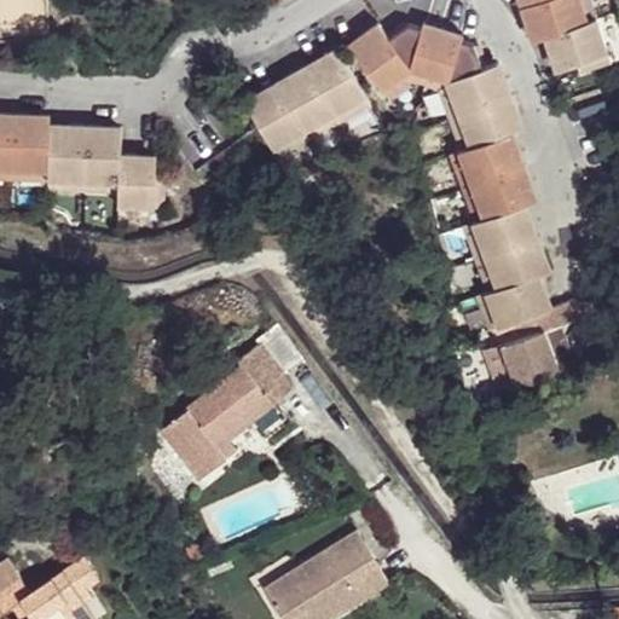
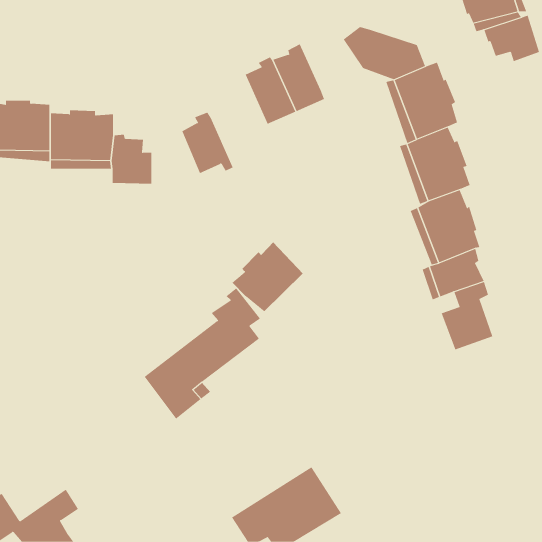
building: [352,29,411,106] -> none
building: [244,79,303,149] -> [181,112,234,174]
building: none -> [232,242,303,312]

